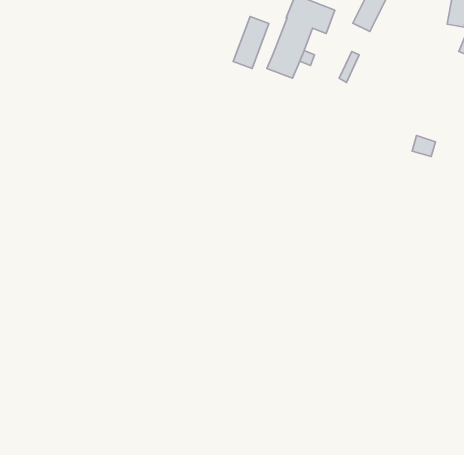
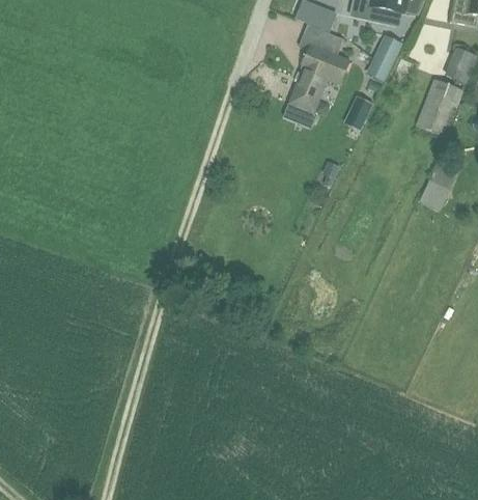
building: [233,16,269,69] -> none
building: none -> [415,77,462,136]

